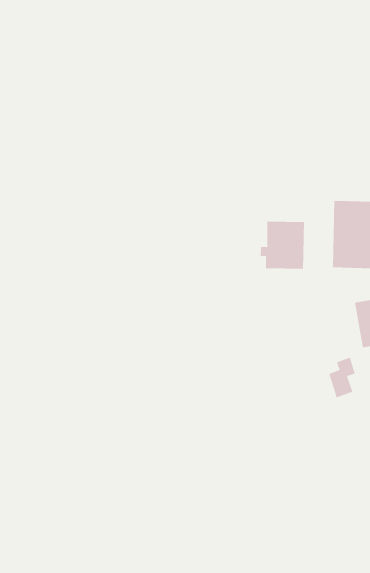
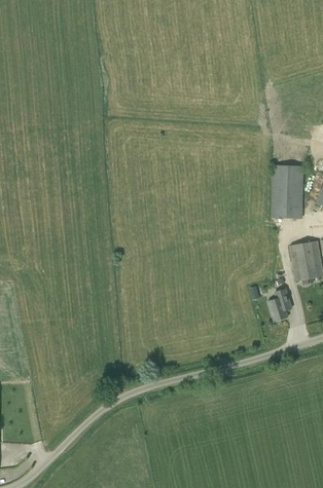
building: [260,221,304,269] -> none

